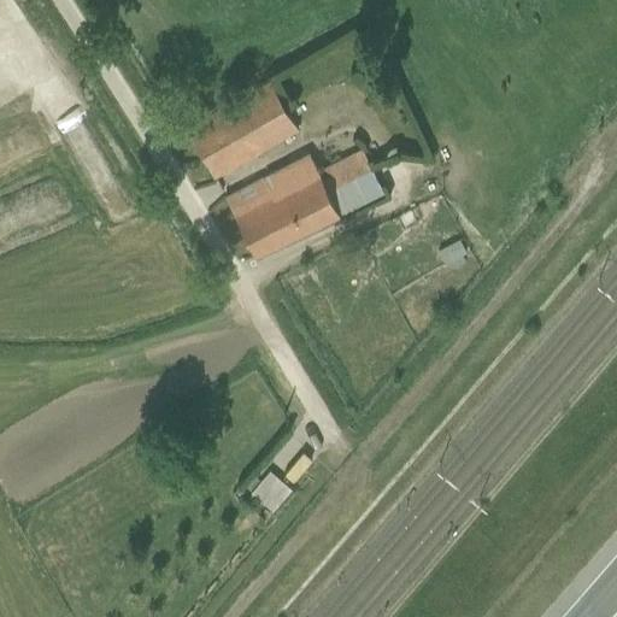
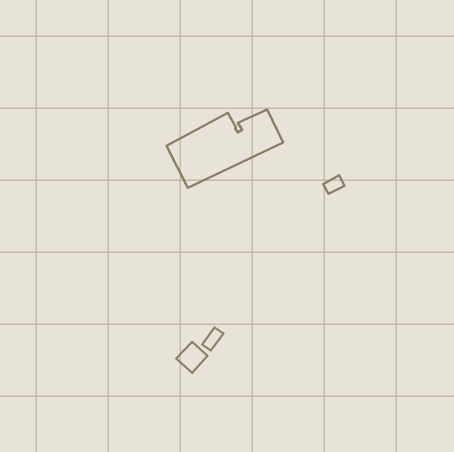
building: [188,84,299,180] -> none

